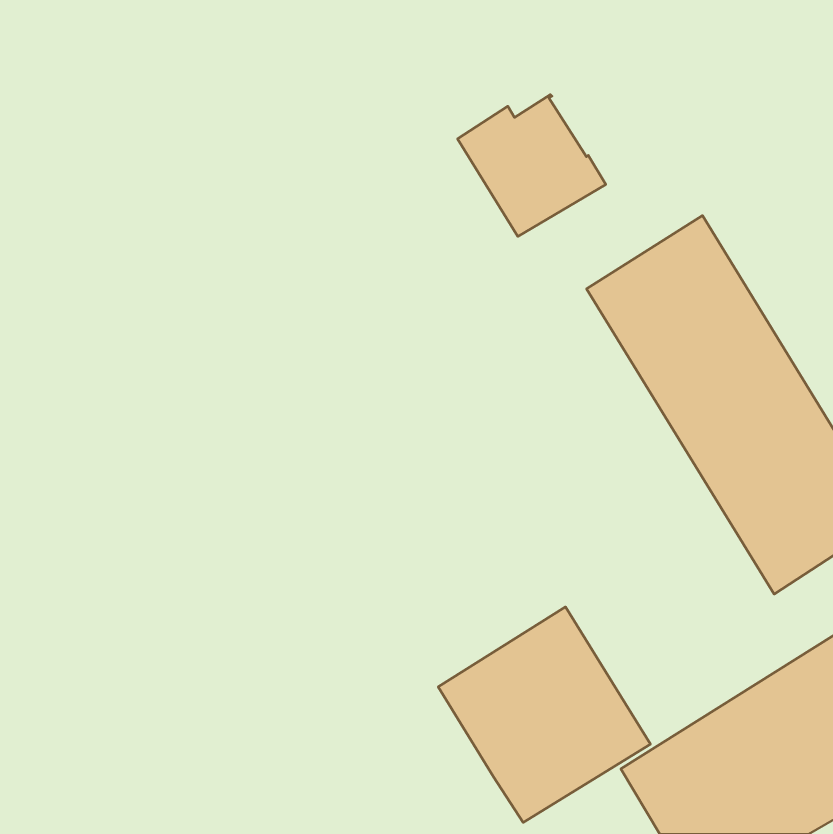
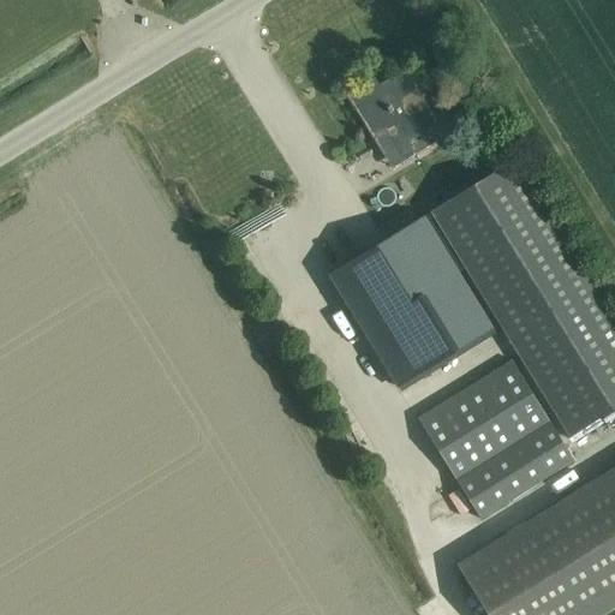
building: none -> [330,217,494,387]
building: [438,607,650,822] -> [419,360,575,519]

